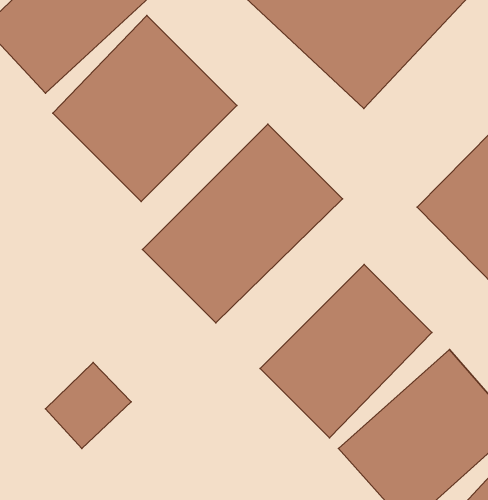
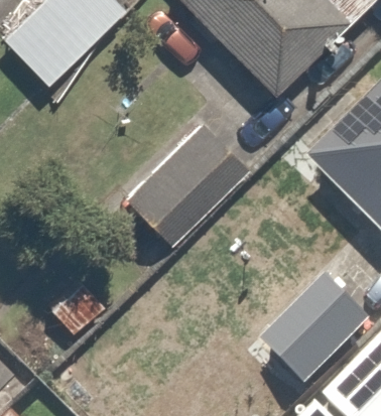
building: [53,16,237,201] -> none
building: [260,265,432,438] -> none

